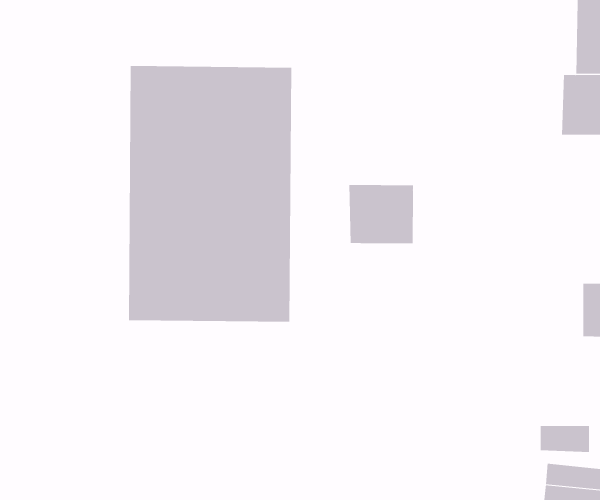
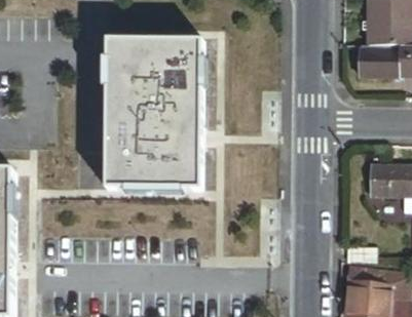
building: [349,184,413,244] -> none

